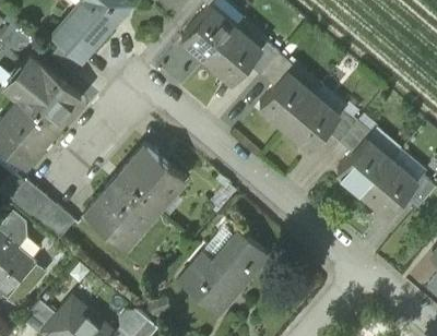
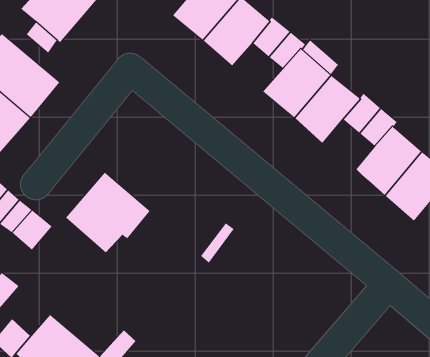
building: [120,145,186,209] -> none
building: [179,235,270,316] -> none

